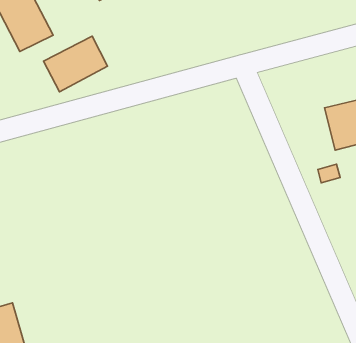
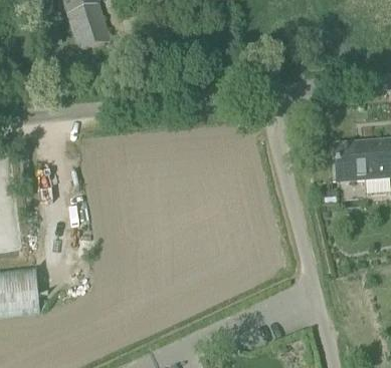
building: [44,36,108,92] -> none

